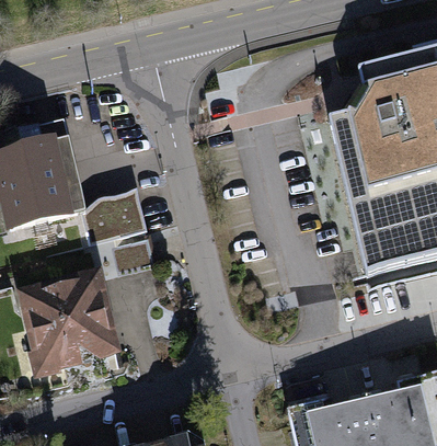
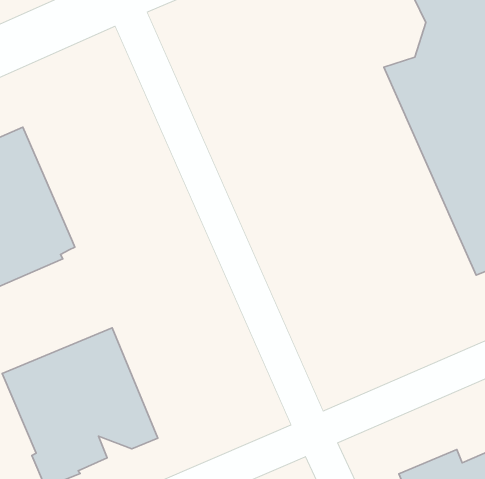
building: [80,184,147,239] -> none
building: [112,232,153,266] -> none

